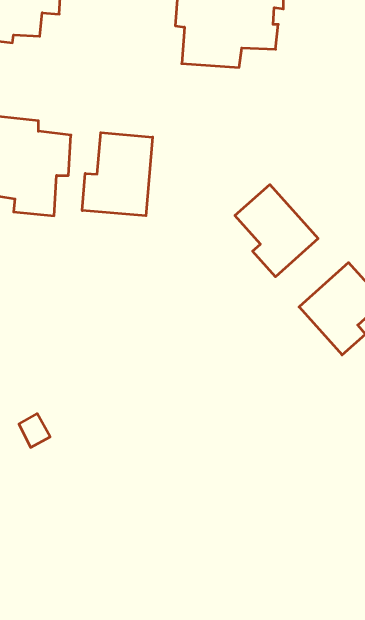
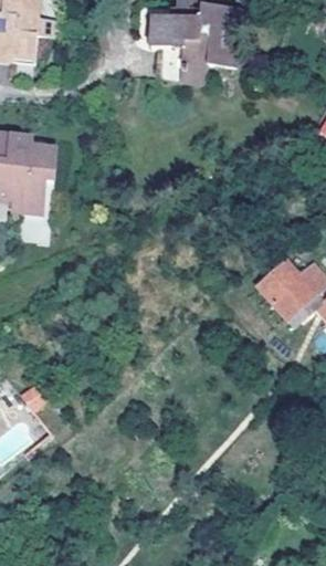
building: [82,133,153,216] -> none
building: [235,185,318,277] -> none

